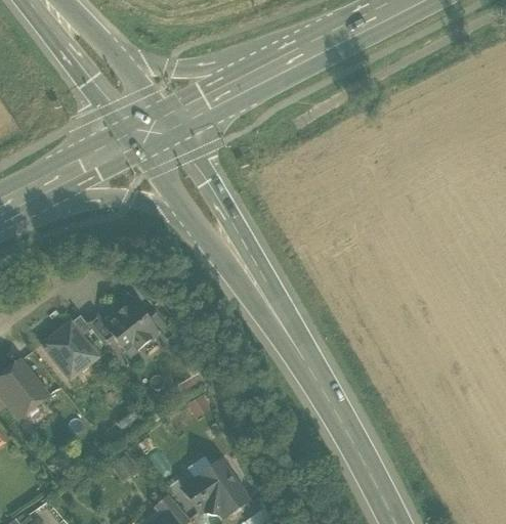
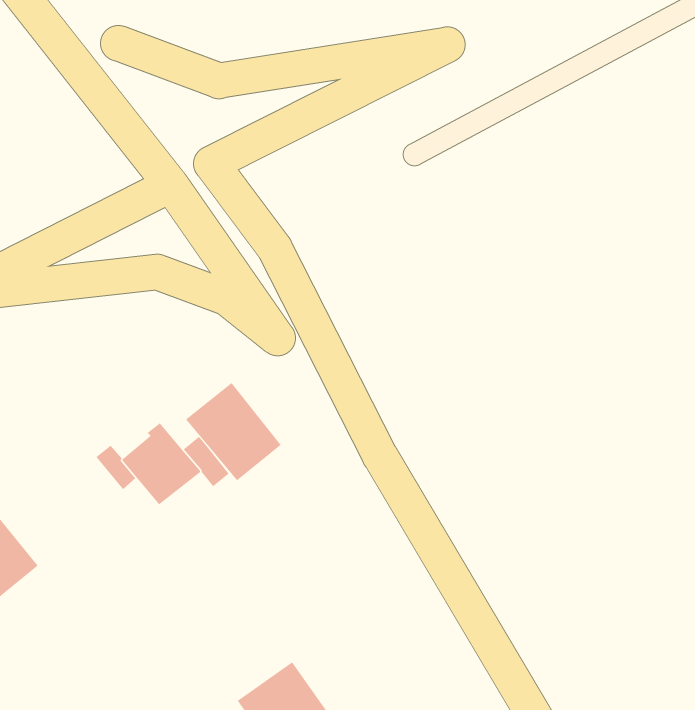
building: none -> [185,382,282,481]
building: [45,319,98,374] -> none

